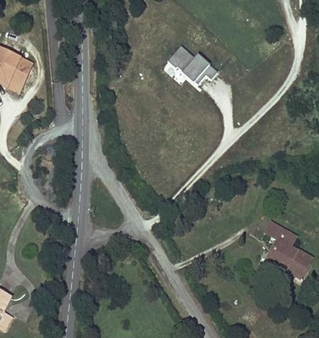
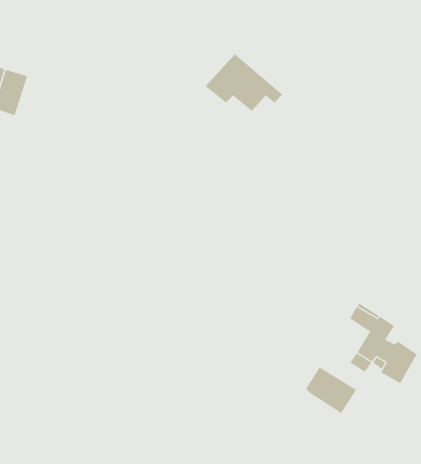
building: none -> [305,366,357,414]

